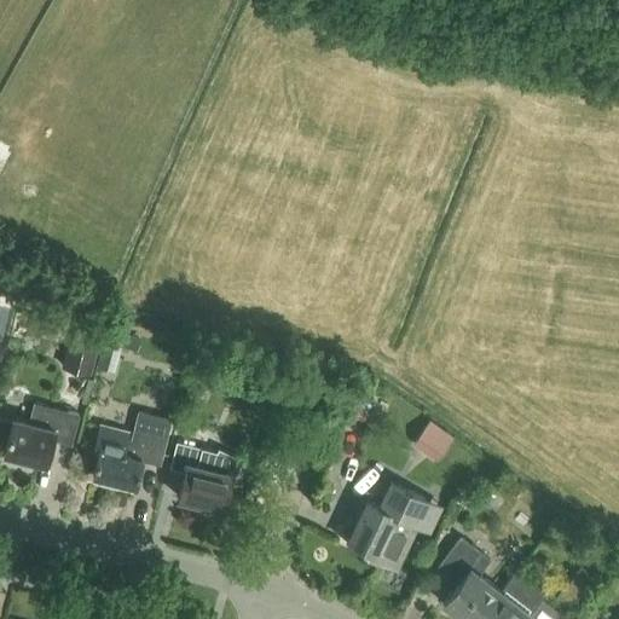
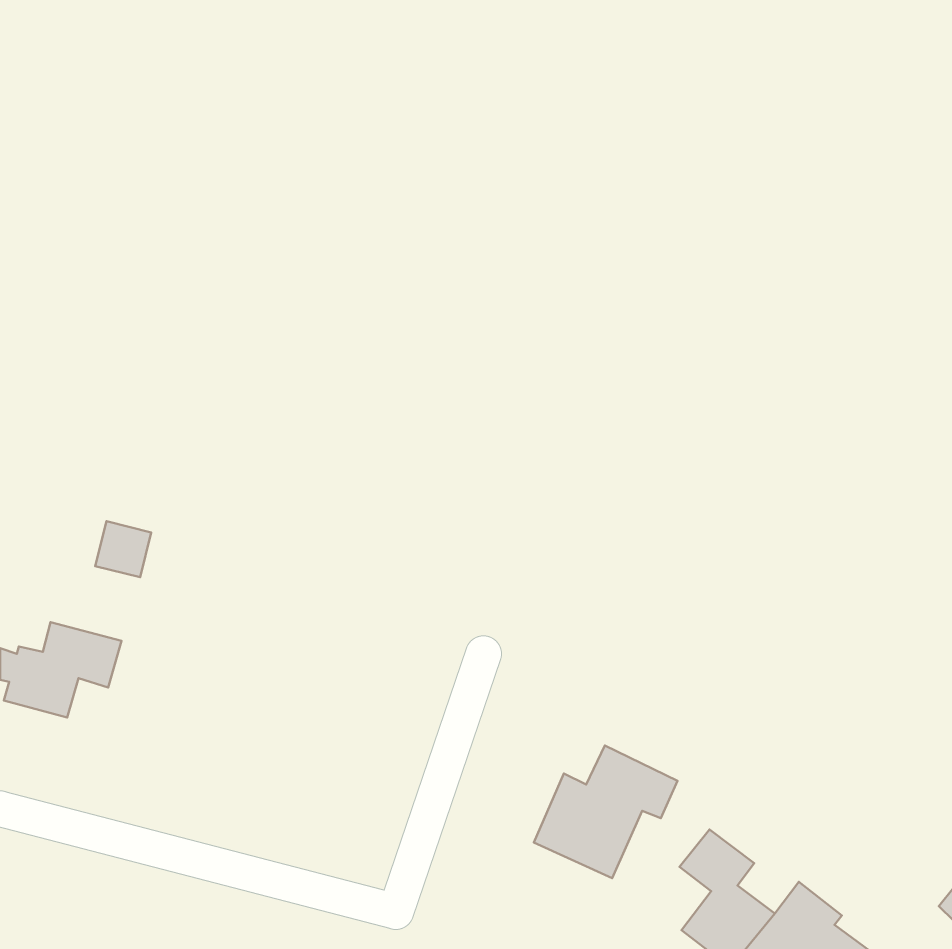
building: [93,412,173,490] -> none
building: [413,422,455,463] -> none
building: [170,446,243,513] -> none

